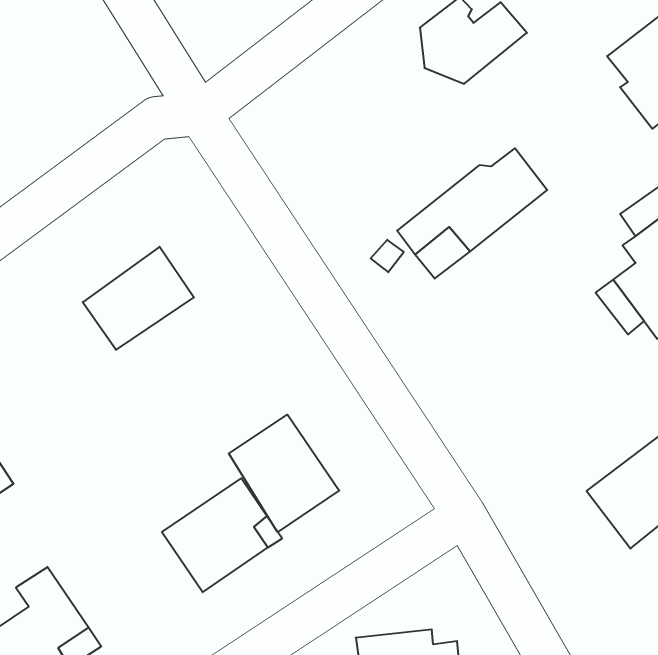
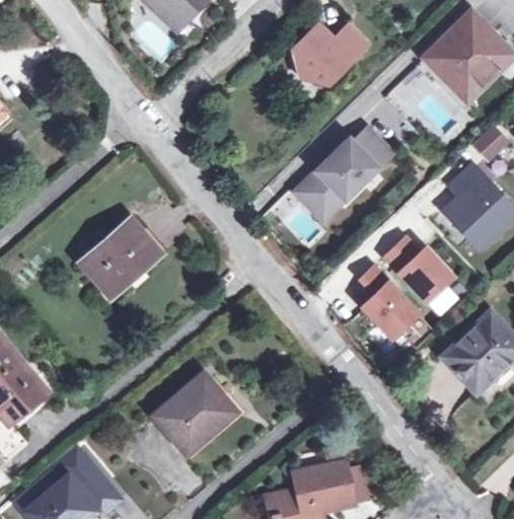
building: none -> [385,237,452,300]
building: none -> [360,267,418,336]
building: [229,415,339,532] -> none

